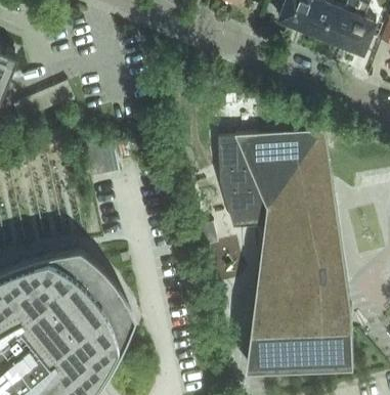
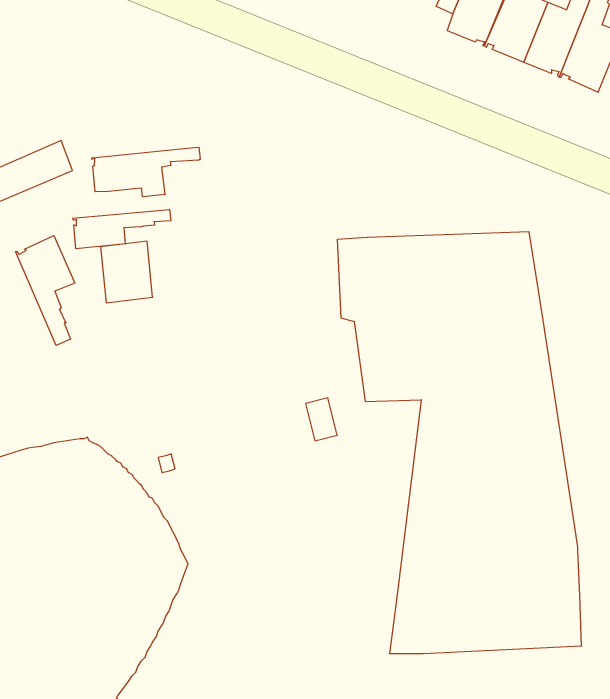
building: none -> [92,147,200,197]
building: none -> [73,209,171,249]
building: none -> [15,236,75,345]

